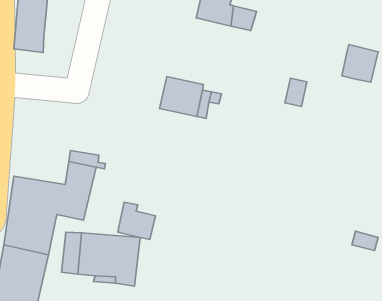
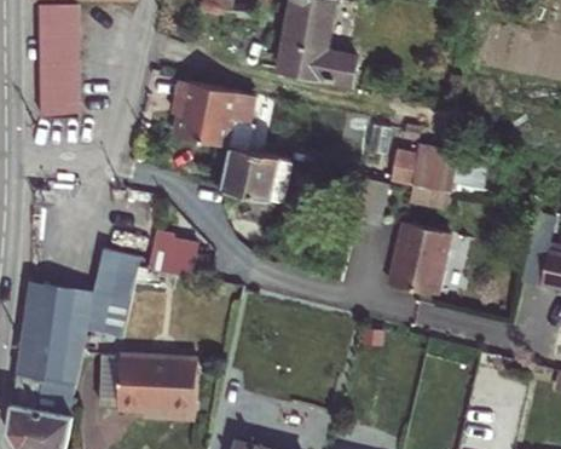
building: none -> [167,76,248,149]
building: [342,45,378,82] -> [410,145,458,195]
building: none -> [389,229,449,297]
building: [118,202,155,240] -> [150,229,199,278]

